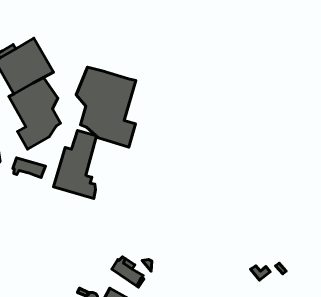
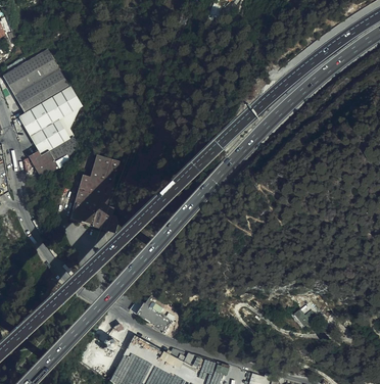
building: [76,67,136,147] -> none
building: [13,158,45,178] -> none

